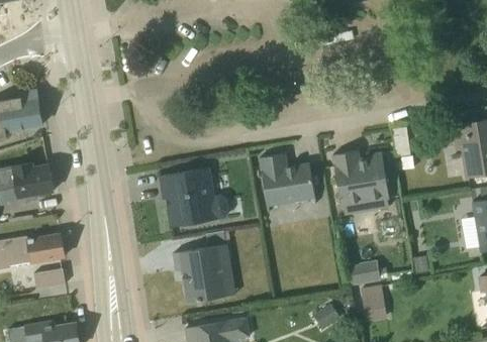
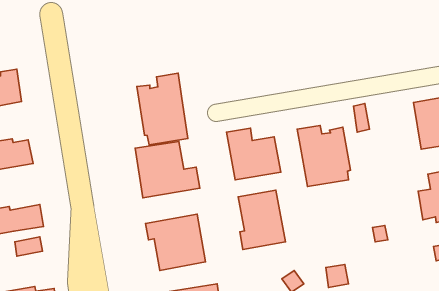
building: none -> [137,73,188,145]
building: none -> [238,190,285,249]
building: [350,261,381,286] -> none

